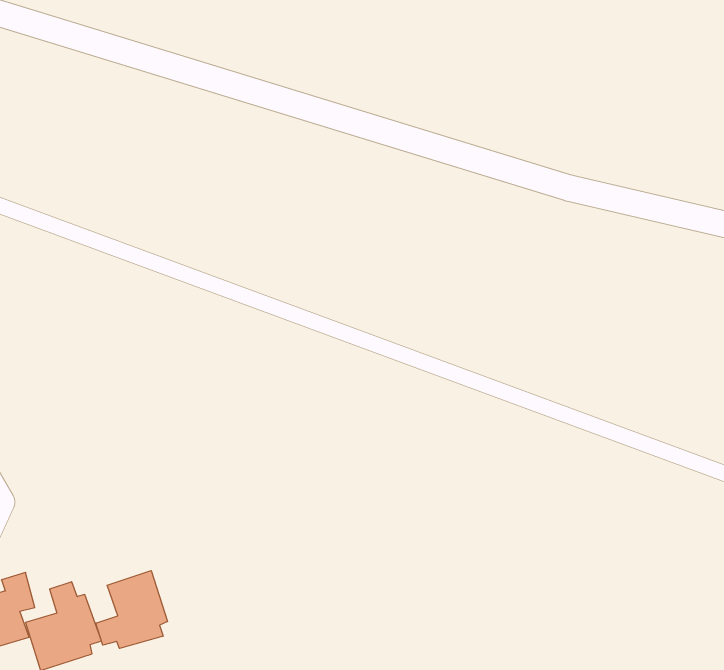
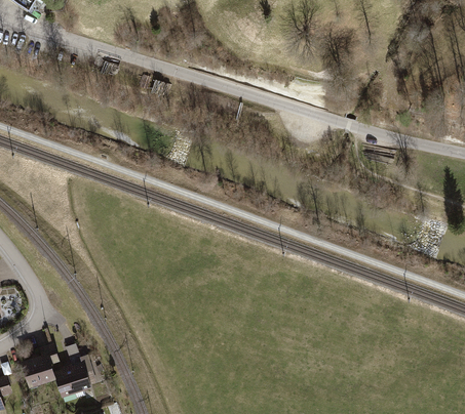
building: [96,571,167,648] -> none

